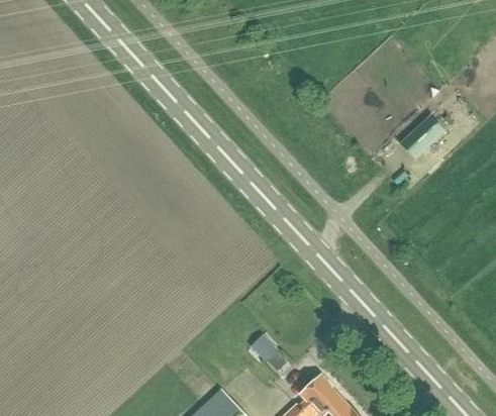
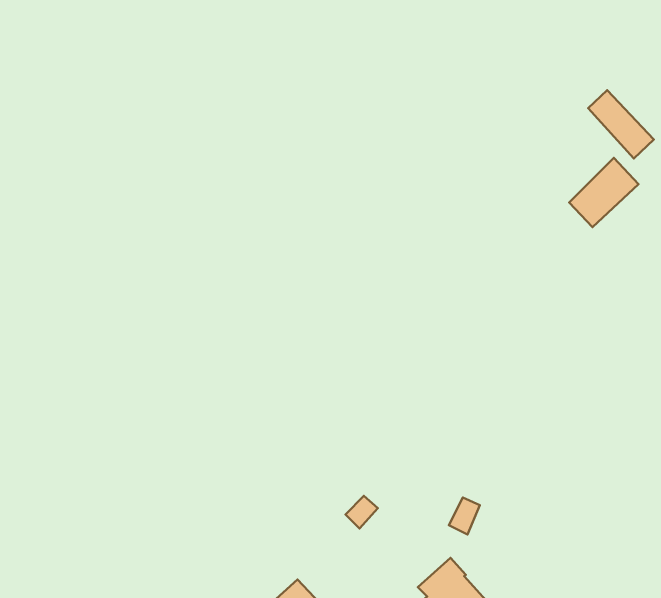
building: none -> [588,90,654,158]

